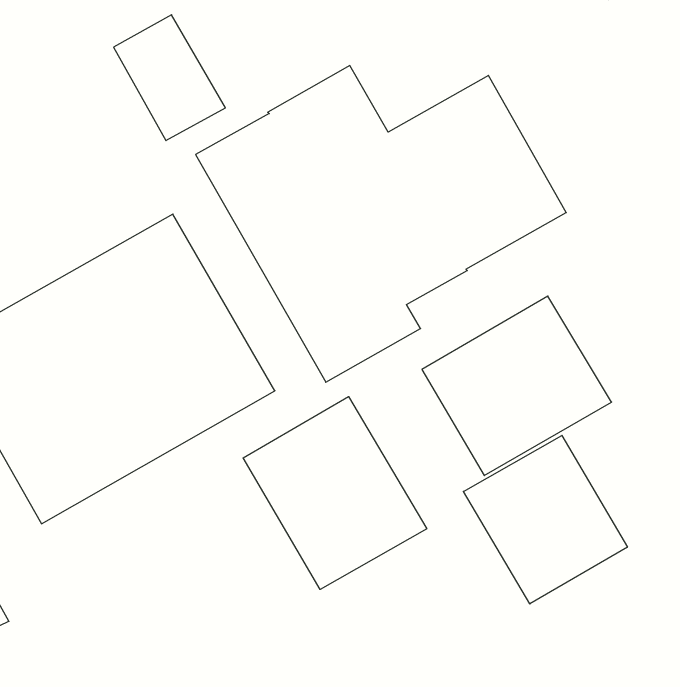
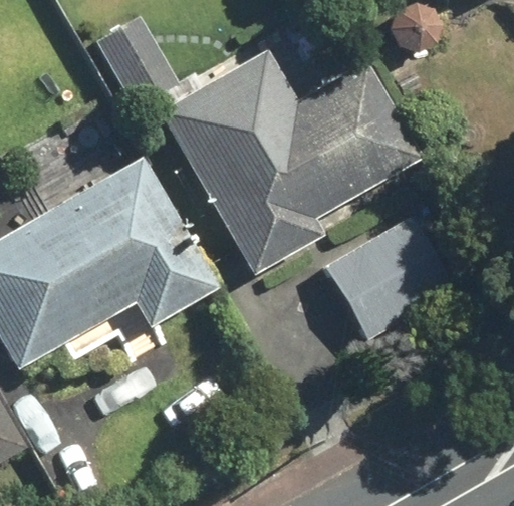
building: [243,397,427,589] -> none
building: [463,435,627,604] -> none

